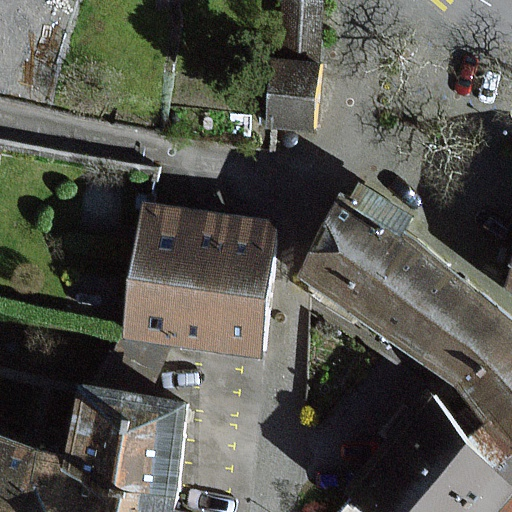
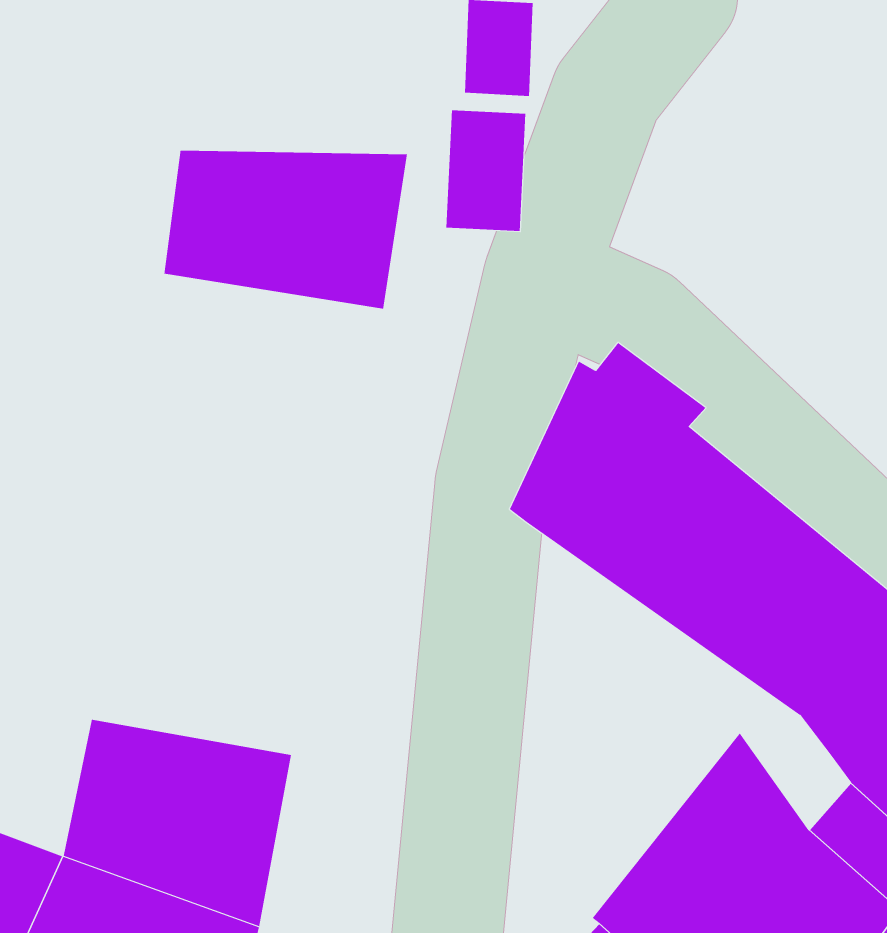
building: none -> [164,150,408,309]
building: [128,206,274,354] -> none

